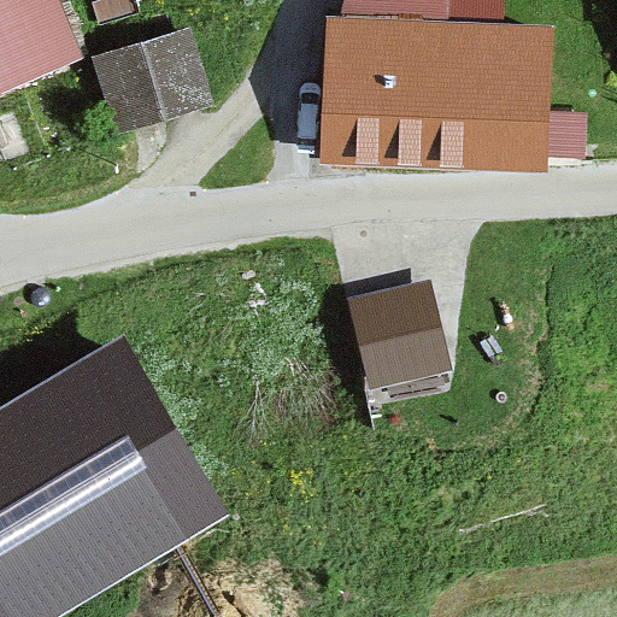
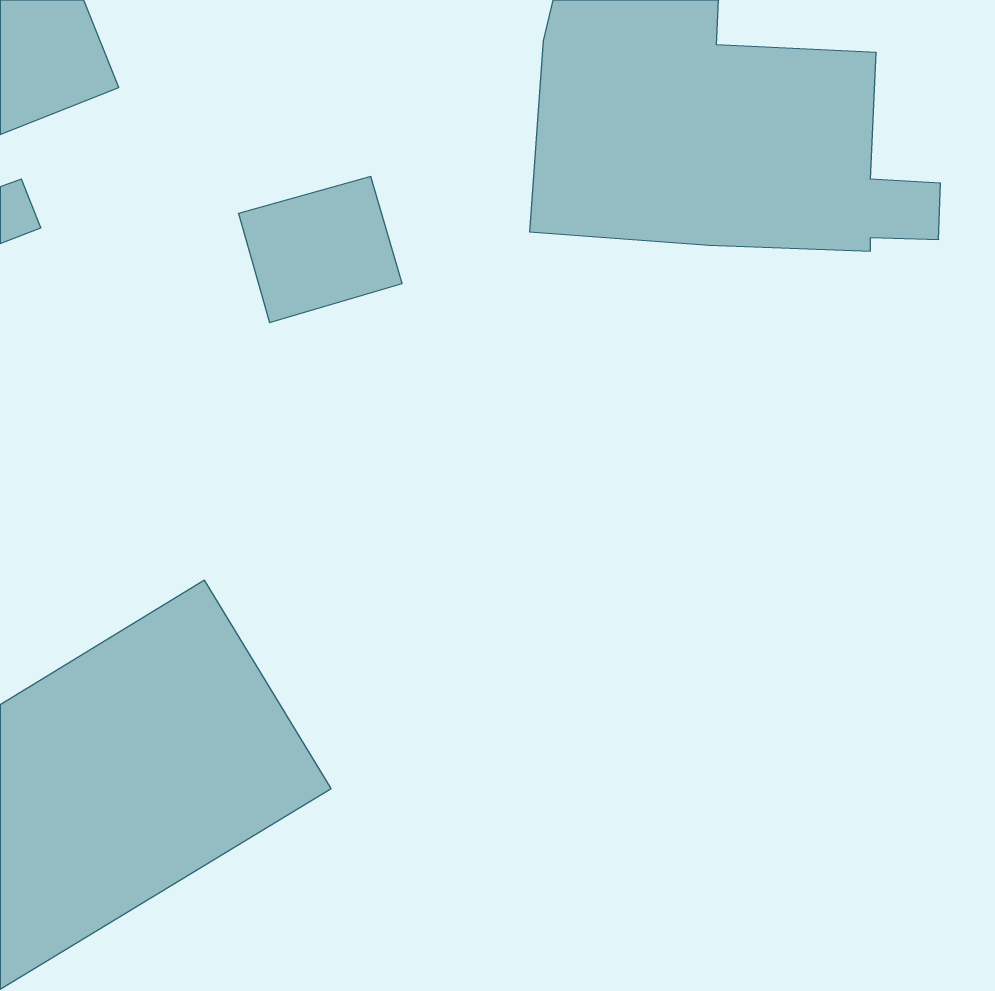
building: [102,36,204,127] -> [238,177,402,323]
building: [358,293,443,378] -> none

